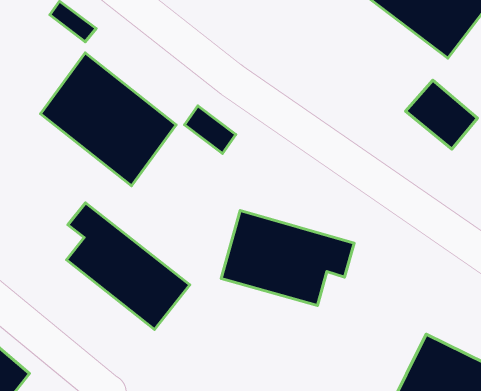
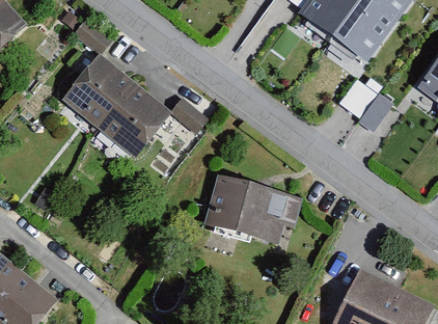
building: [66,203,190,329] -> none

